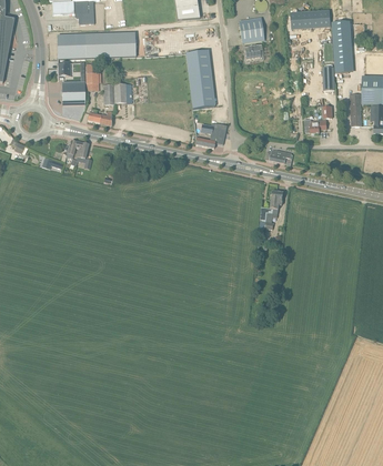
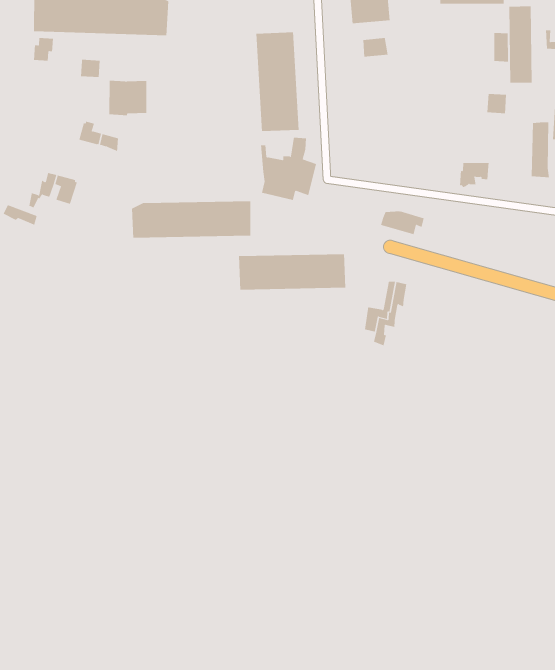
building: [62,80,85,103] -> none
building: none -> [131,201,251,238]
building: none -> [238,253,346,290]

